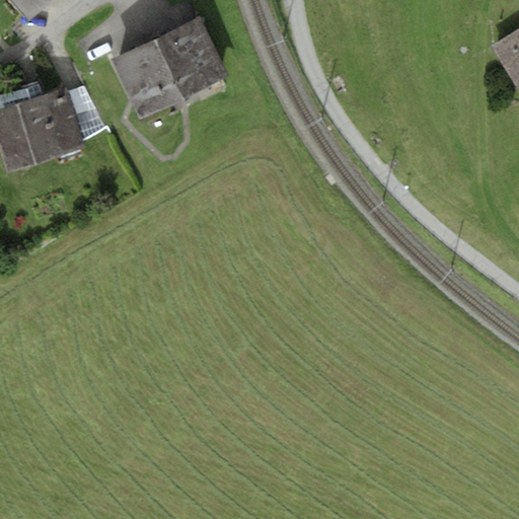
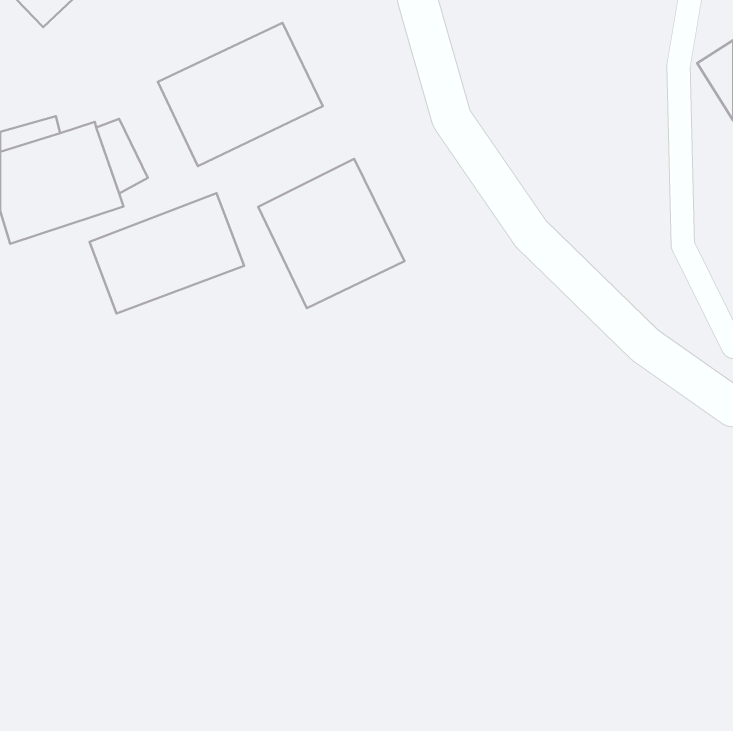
building: none -> [258,159,404,308]
building: none -> [90,193,244,314]

